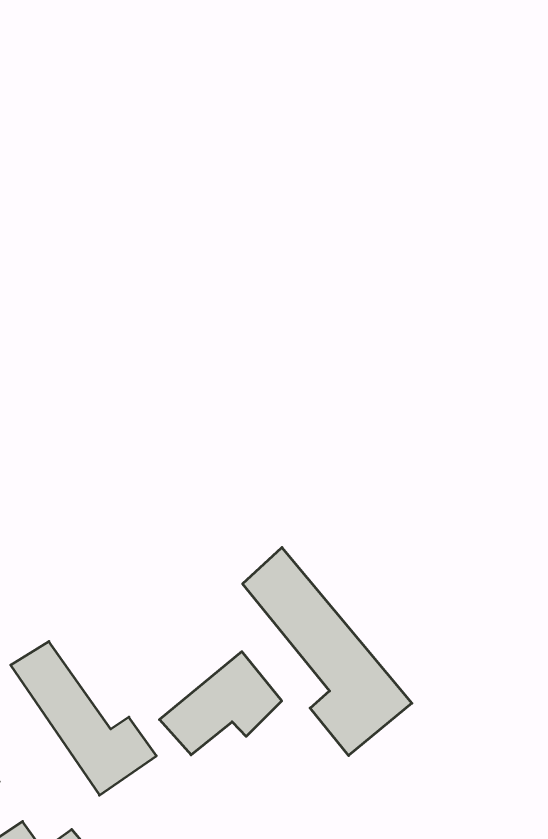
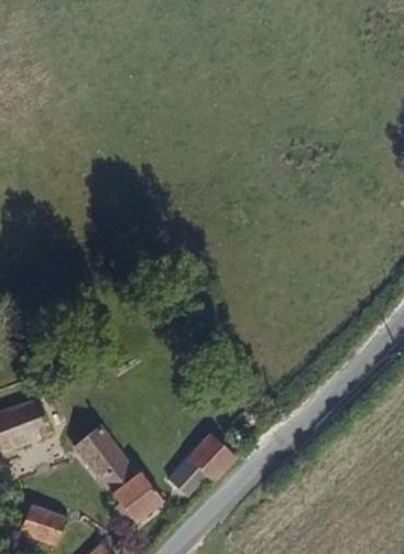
building: [243,547,412,756] -> none

